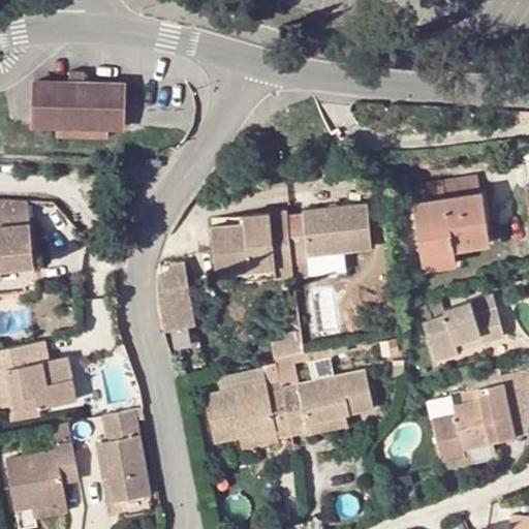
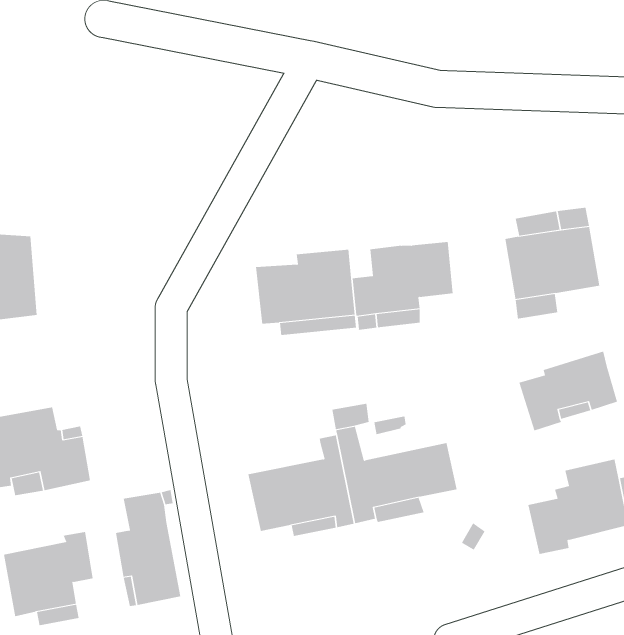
building: [31,72,125,136] -> none
building: [157,264,193,331] -> none

